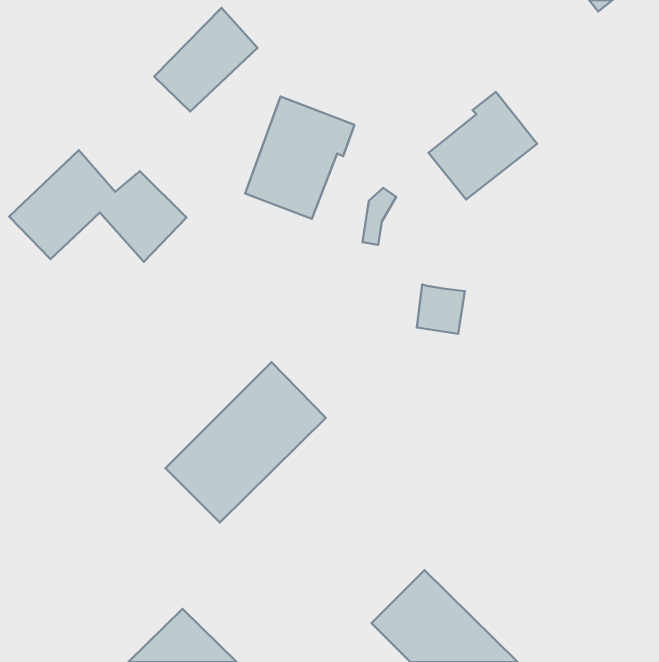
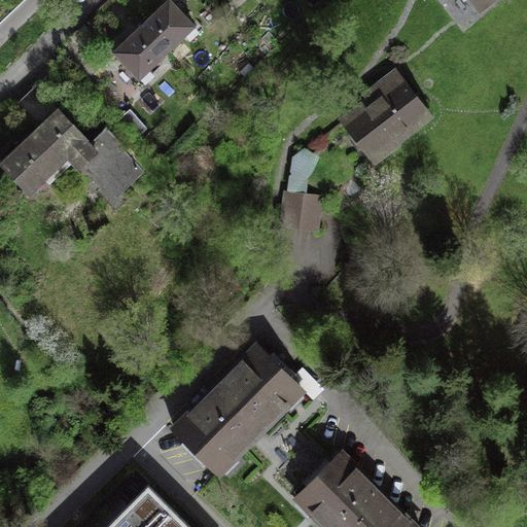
building: [245,97,355,219] -> none
building: [417,285,465,334] -> [280,191,318,231]
building: [165,362,326,523] -> [172,345,300,472]

